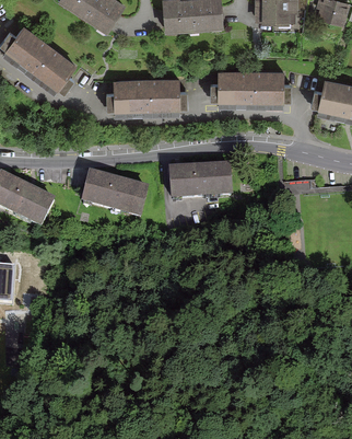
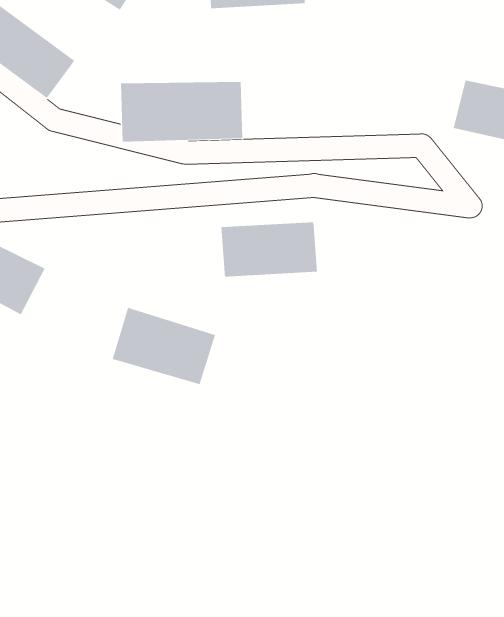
building: [212,70,283,107] -> none
building: [82,170,148,219] -> [112,307,216,385]

